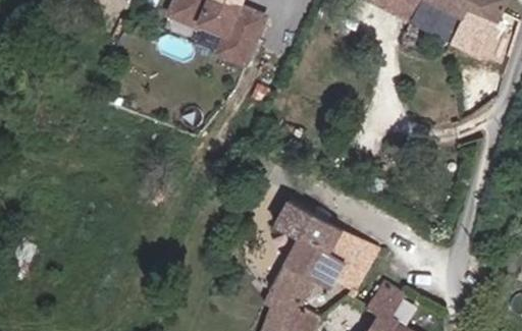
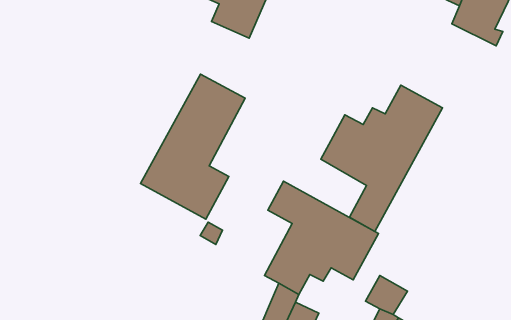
building: none -> [141,74,245,219]
building: none -> [321,85,442,231]

